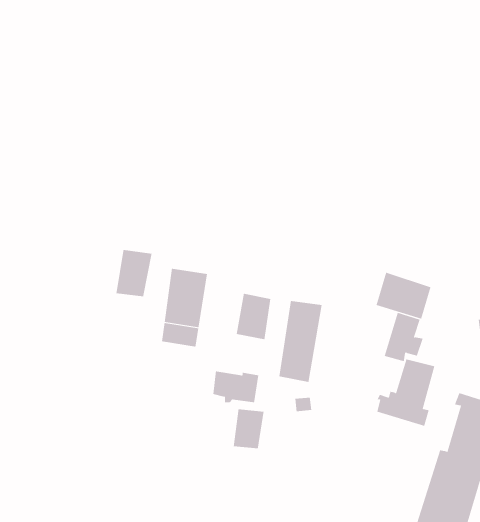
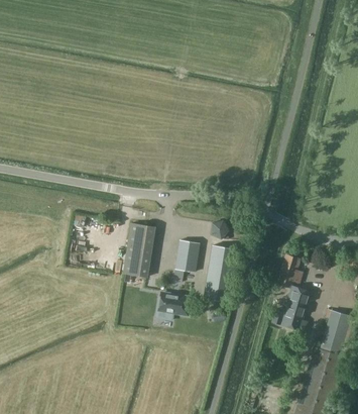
building: [116,249,152,297] -> none
building: [376,272,431,319] -> none
building: [233,408,264,449] -> none

